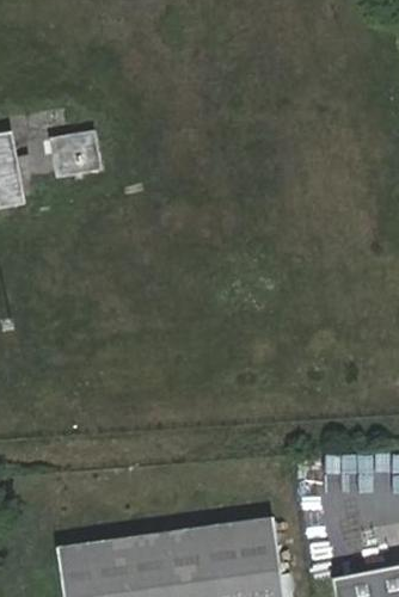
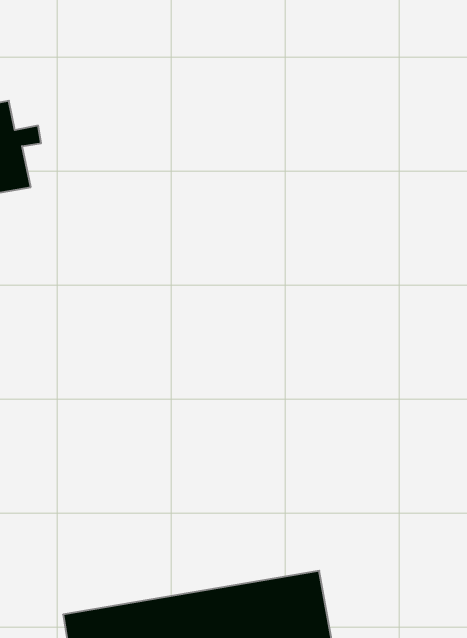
building: [57,131,110,178] -> none

